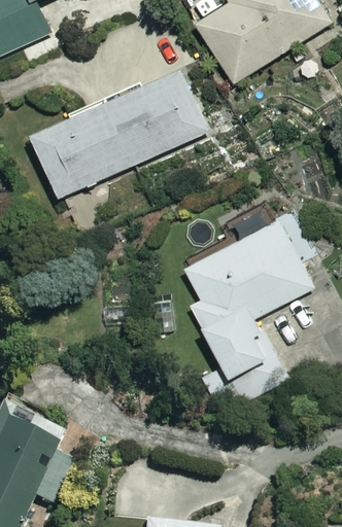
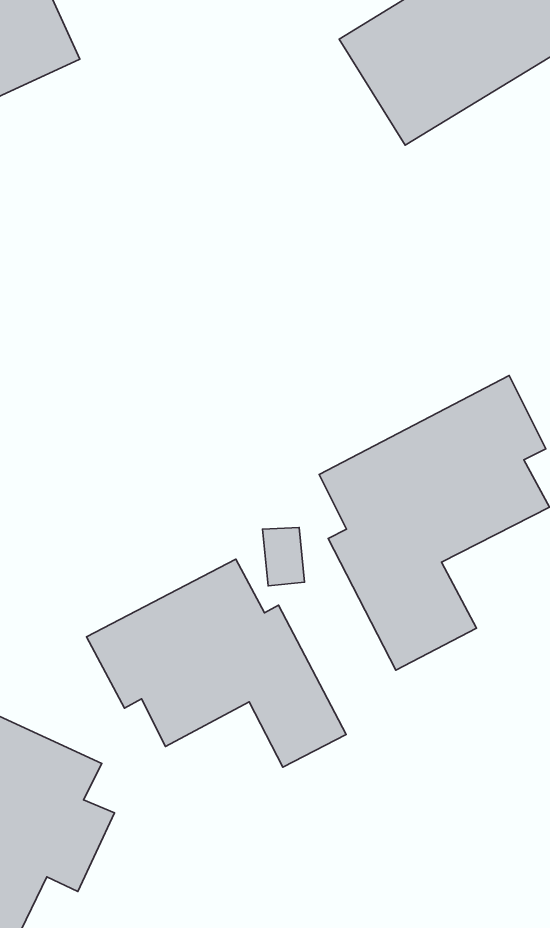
building: [31,69,208,198] -> none
building: none -> [87,559,346,767]

